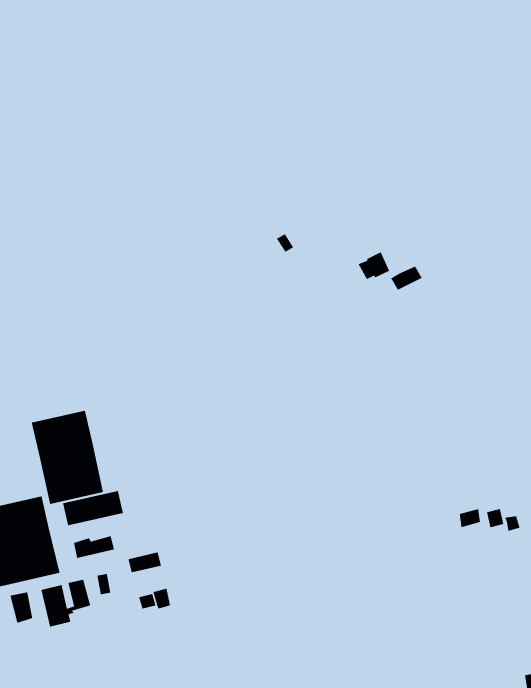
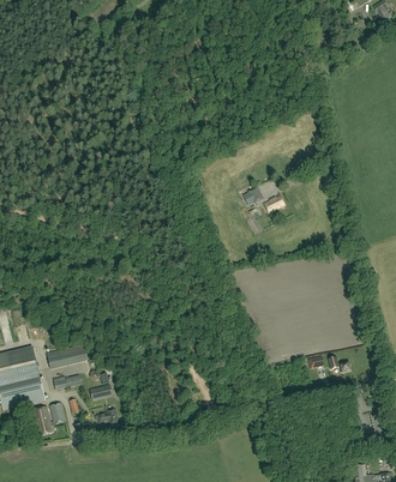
building: [31,410,104,505] -> none

